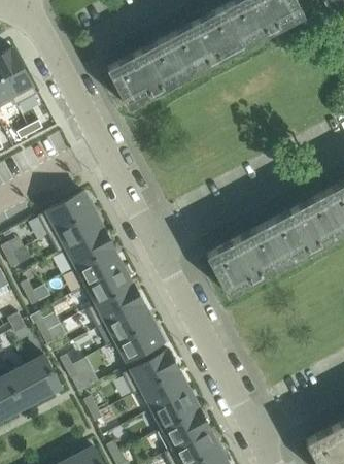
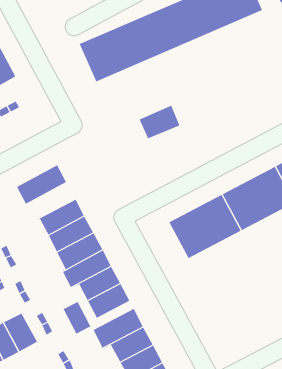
building: none -> [139,105,180,139]
building: [48,209,104,252] -> none
building: none -> [63,301,94,335]

